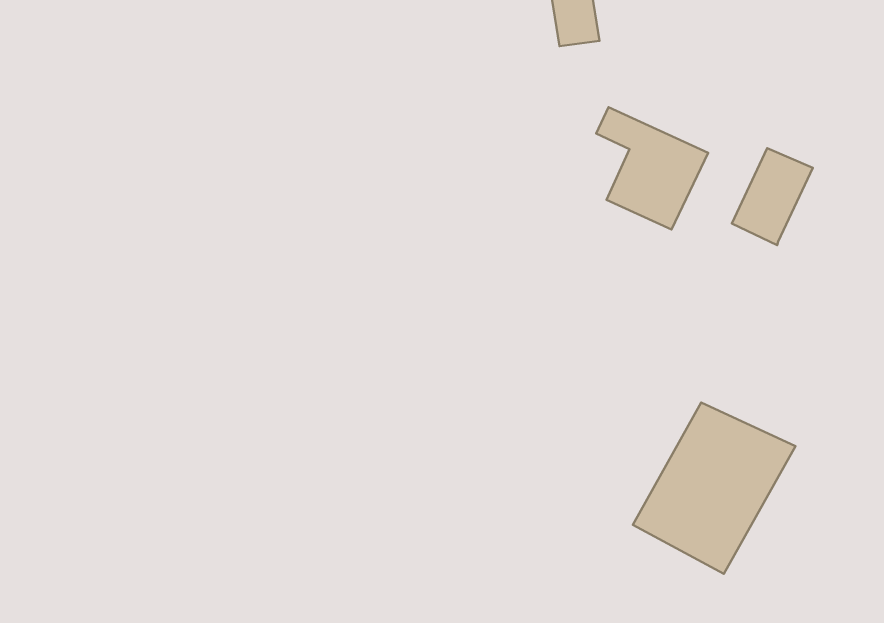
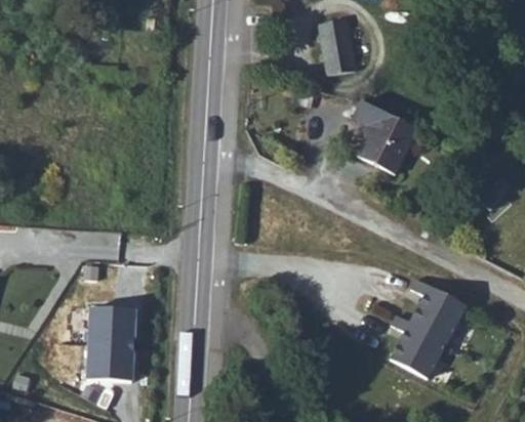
building: [732,148,813,245] -> none
building: none -> [84,298,137,377]

